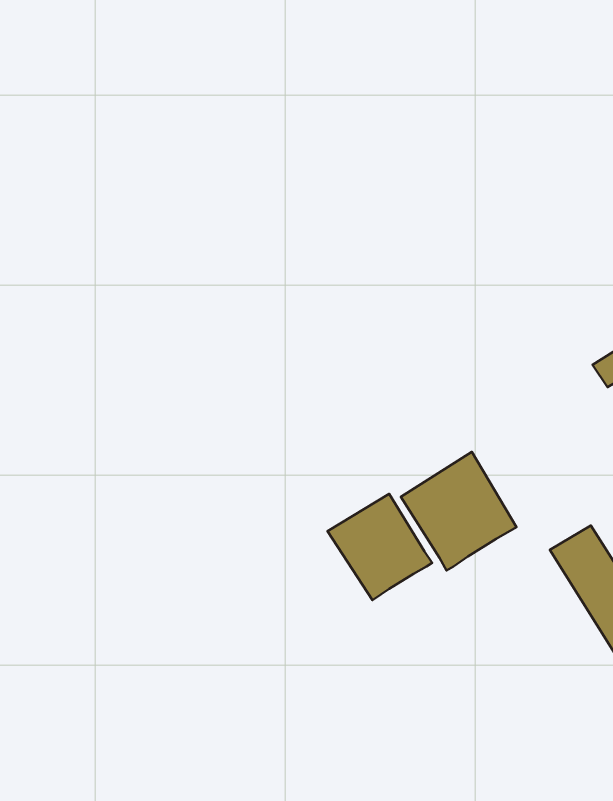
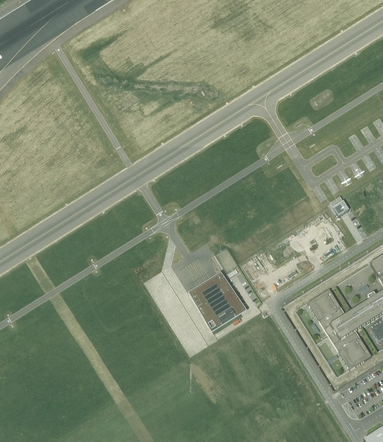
building: [401,452,517,570] -> none

